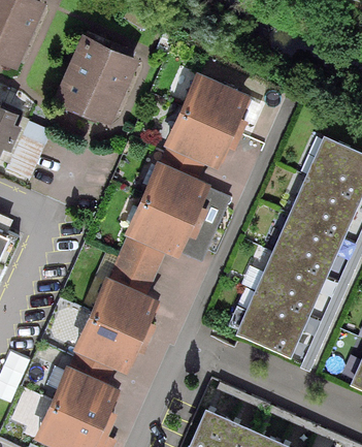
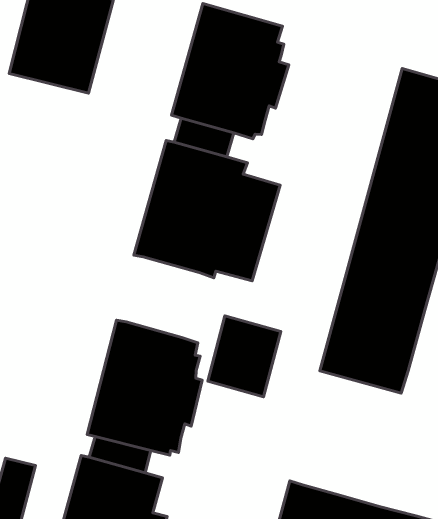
building: [111,236,166,295] -> [208,316,281,397]

